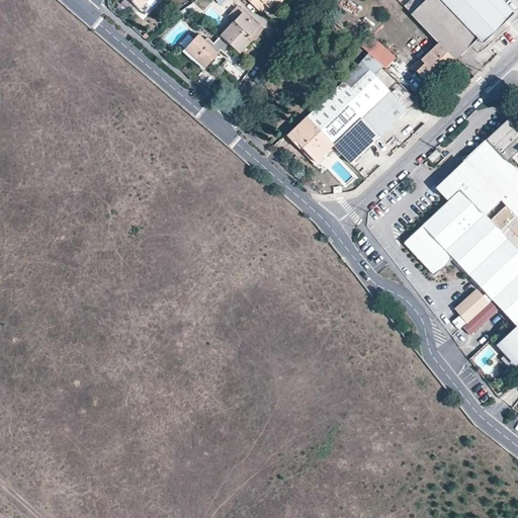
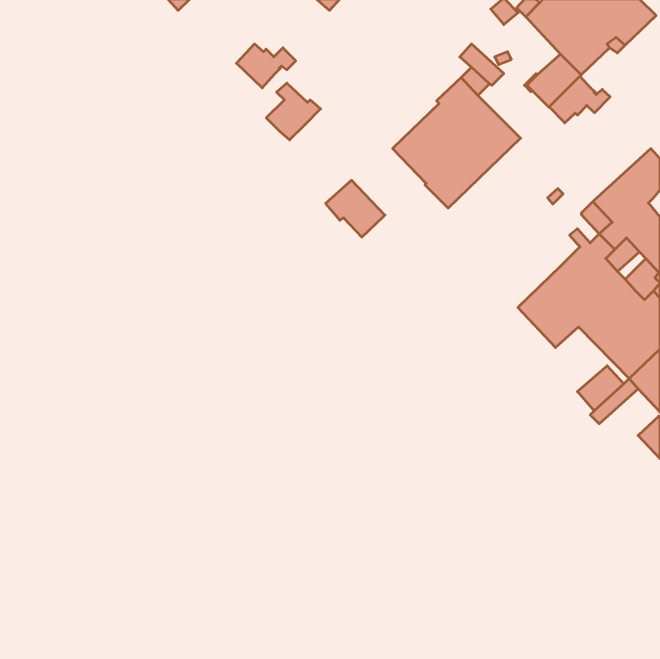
building: [222,10,264,55] -> [266,83,321,140]
building: none -> [549,76,610,123]
building: [287,116,334,161] -> [326,180,385,237]
building: [427,168,469,208] -> none

